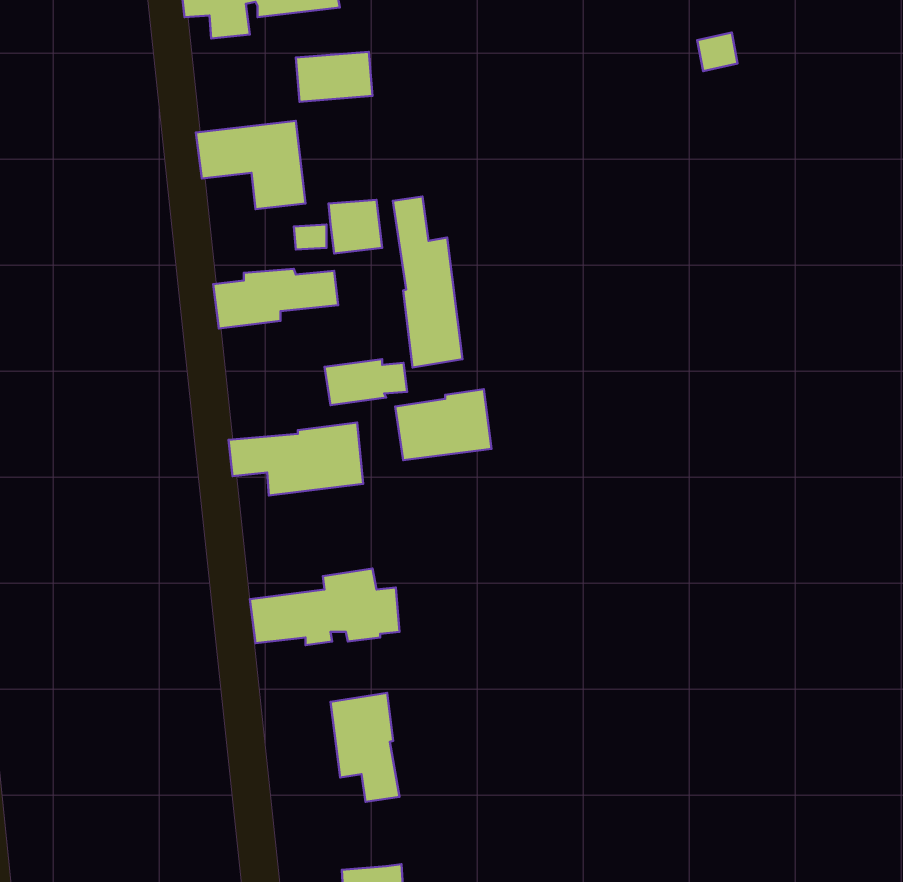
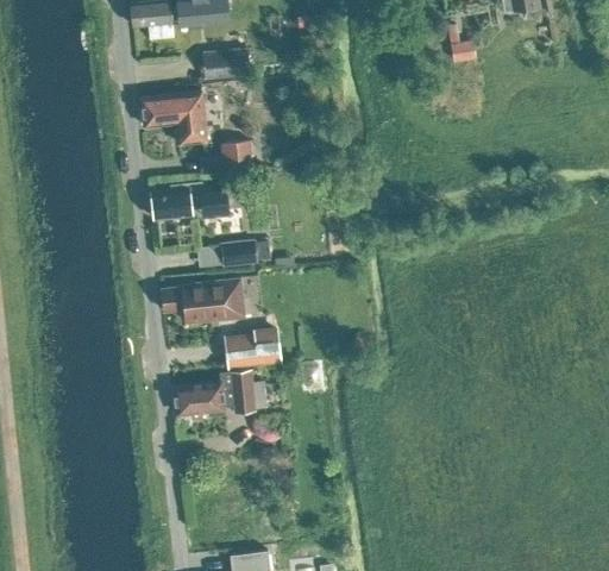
building: [393,196,462,368] -> none
building: [395,389,491,460] -> [222,326,282,370]
building: [330,693,399,802] -> none

